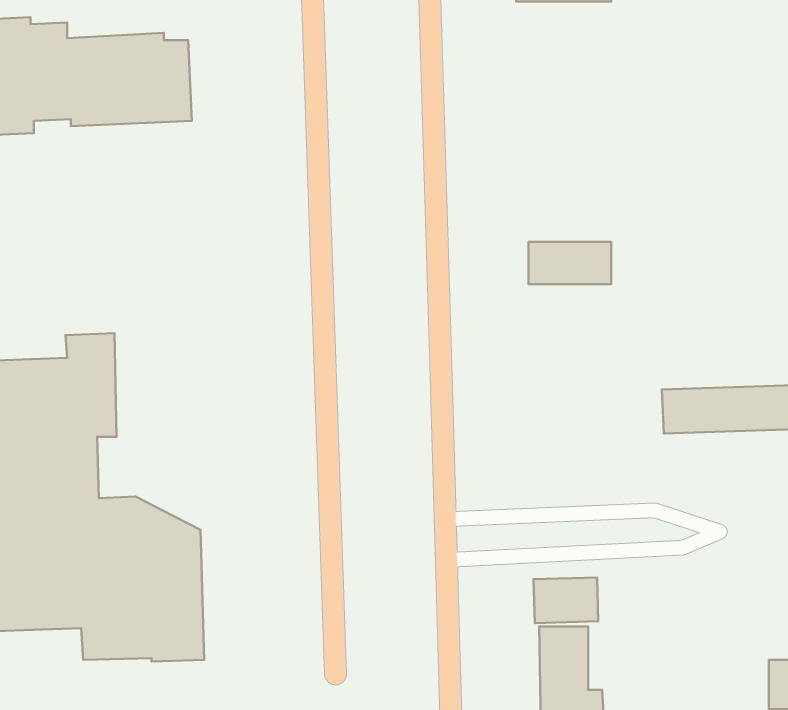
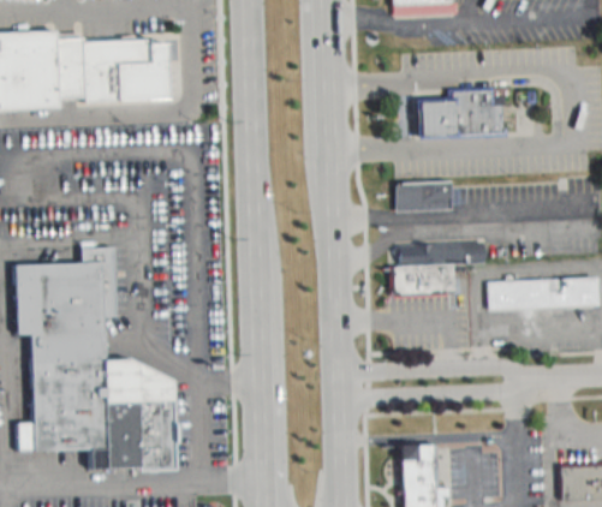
building: none -> [421,95,507,138]
building: none -> [393,241,488,298]
building: [534,578,598,623] -> none

